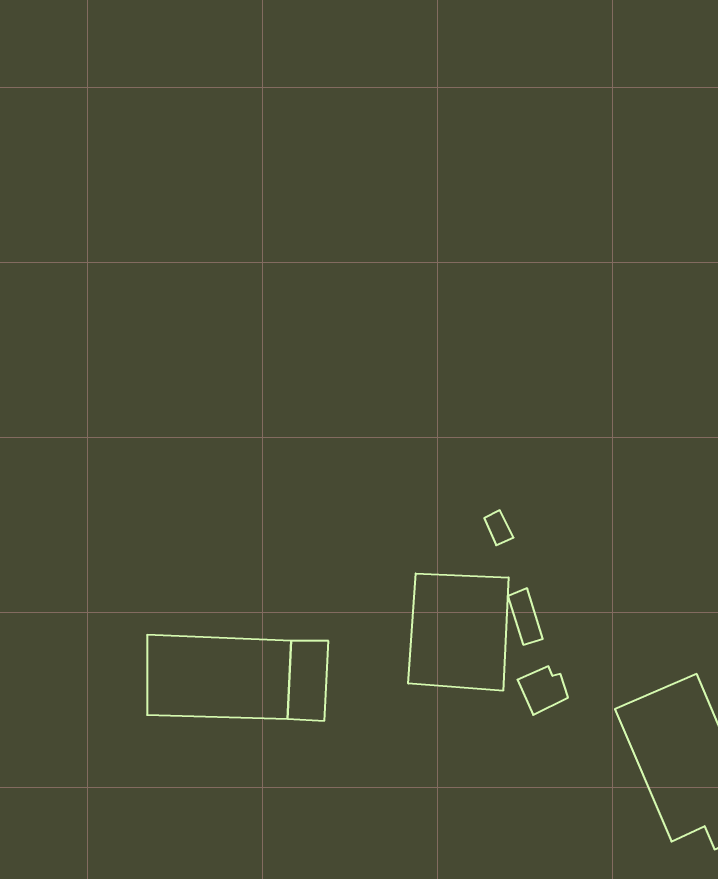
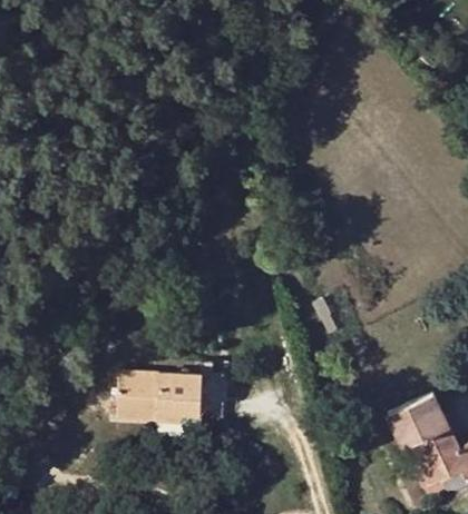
building: [408,573,509,691] -> none

